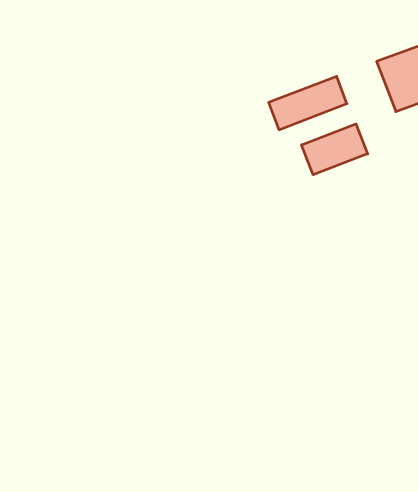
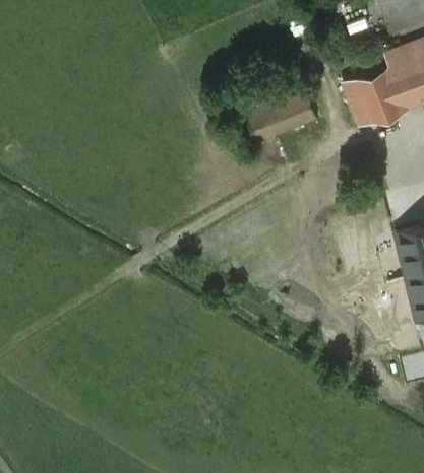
building: [302,124,368,175] -> none

